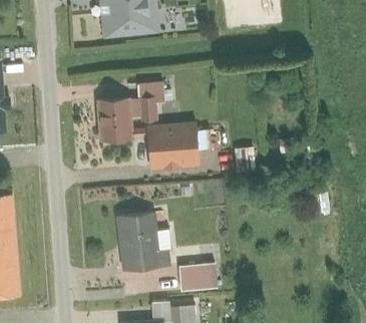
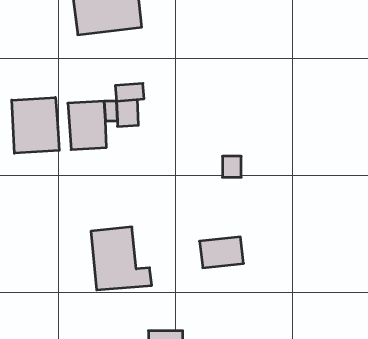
building: none -> [12,97,59,153]
building: [140,123,196,166] -> none
building: [173,263,214,291] -> [199,237,244,268]

